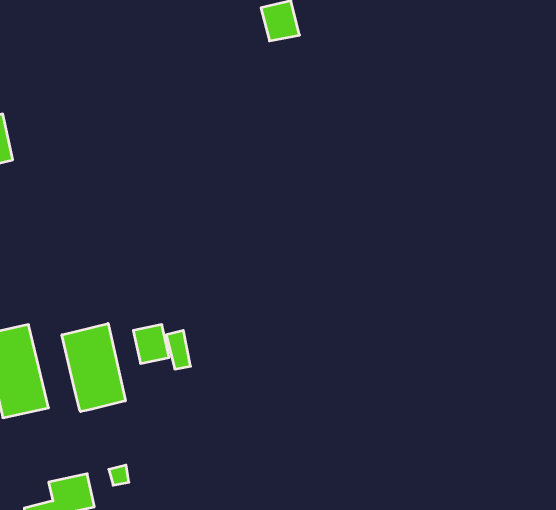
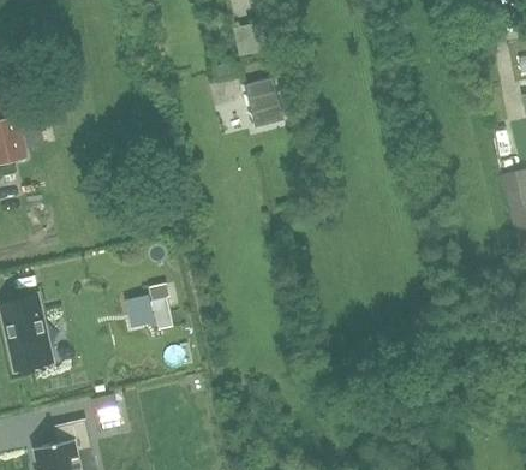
building: none -> [243,76,283,125]
building: [62,323,125,412] -> none

